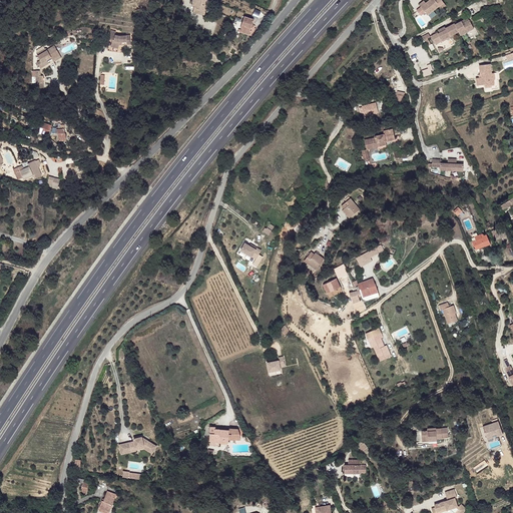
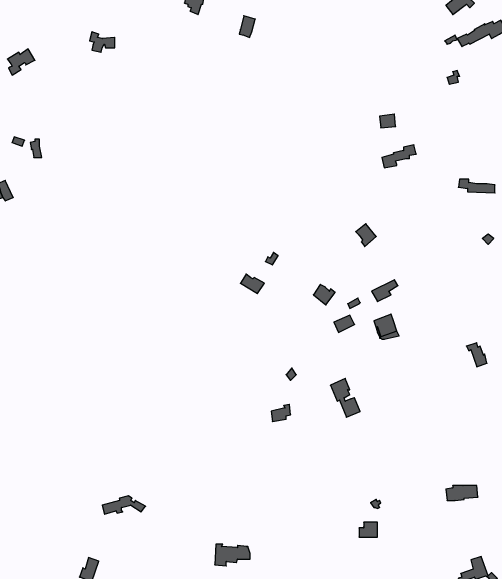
building: [366,328,392,362] -> [330,378,360,417]
building: [209,427,240,446] -> [215,544,250,566]

